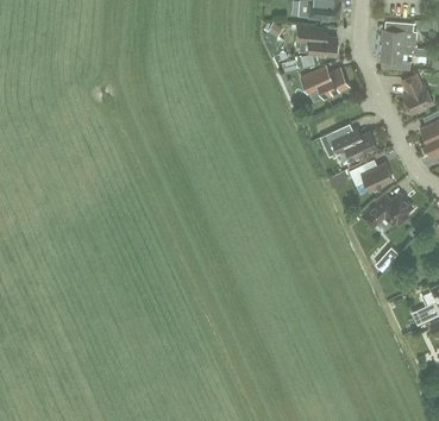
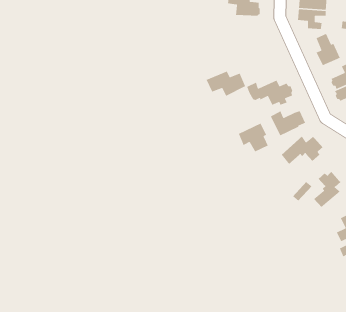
building: [299,65,346,96] -> [206,70,246,97]
building: none -> [238,122,269,153]
building: none -> [313,171,341,208]

